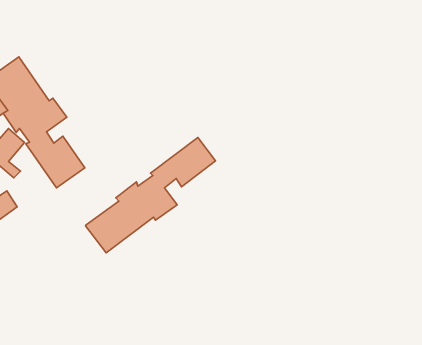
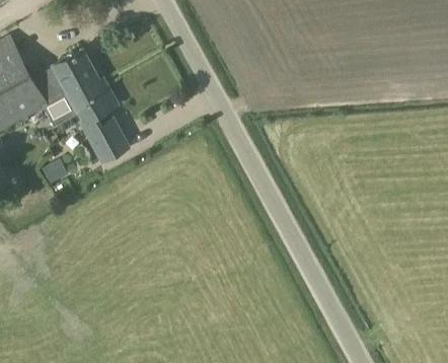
building: [86,137,215,253] -> none

